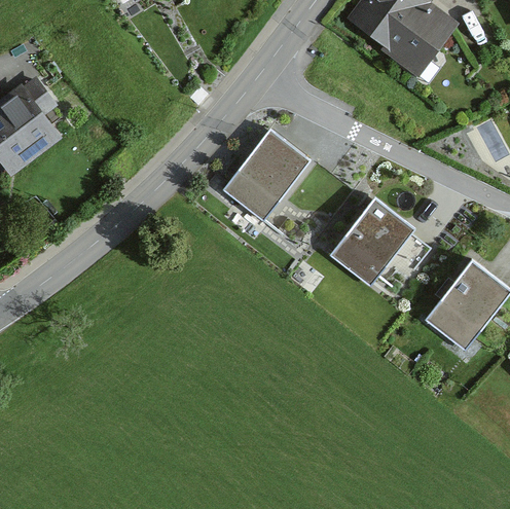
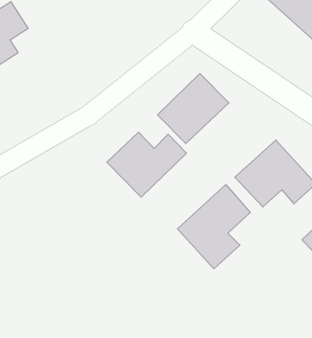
building: none -> [107,132,186,197]
building: none -> [177,185,250,269]

